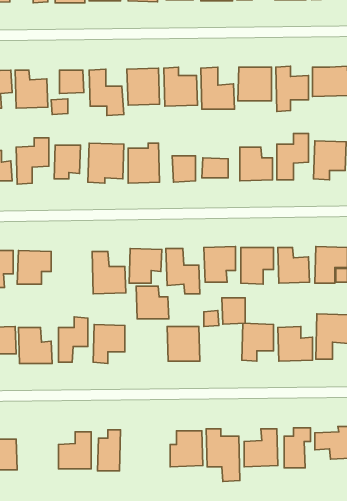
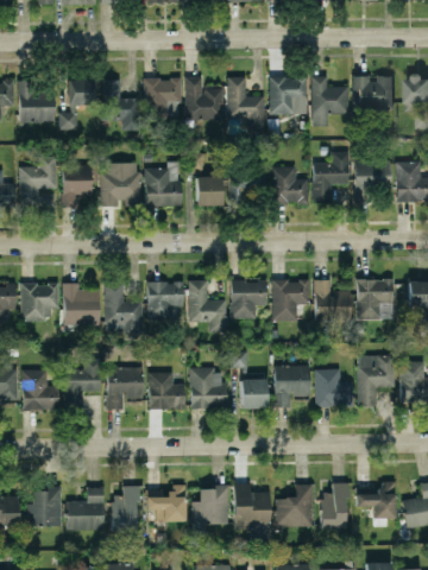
building: none -> [63,284,100,325]
building: [136,286,169,319] -> [147,373,184,410]
building: [222,298,245,324] -> [240,380,266,410]
building: none -> [146,486,185,521]
building: none -> [24,489,61,527]

